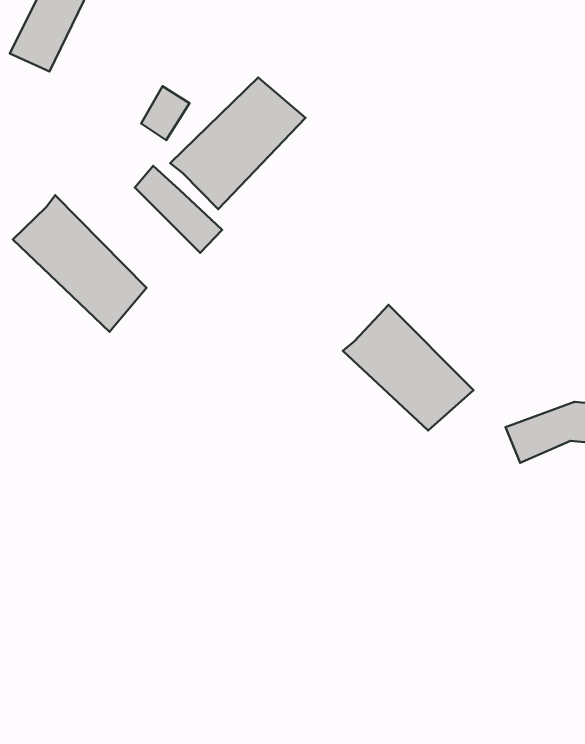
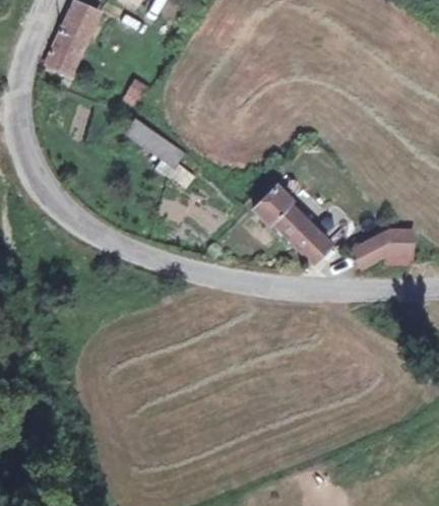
building: [170,77,305,209] -> none
building: [13,195,147,332] -> none

